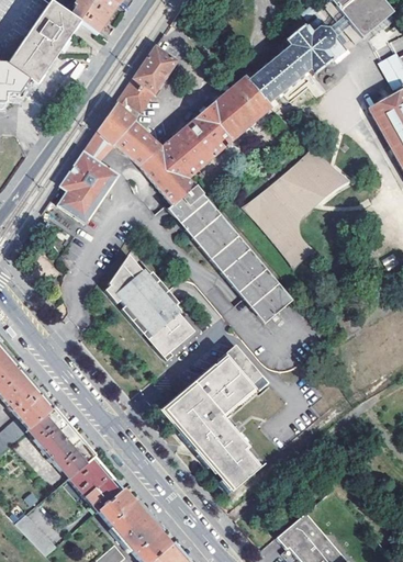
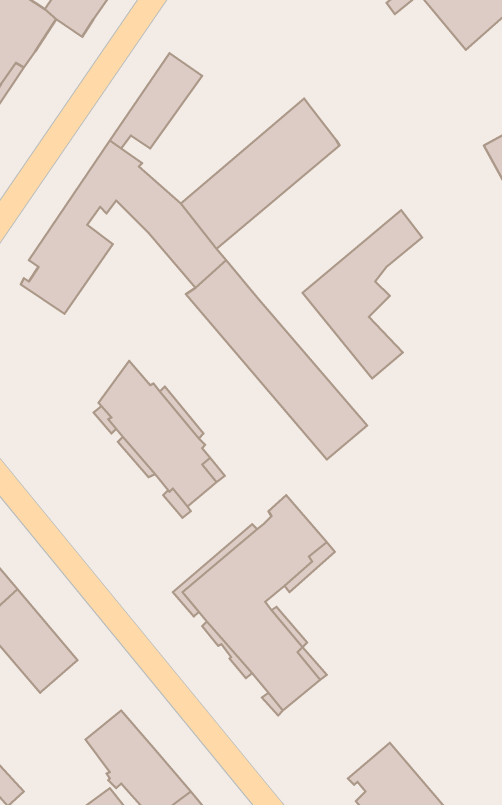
building: [250,16,347,104] -> none
building: [295,150,347,210] -> none
building: [69,457,123,512] -> none

